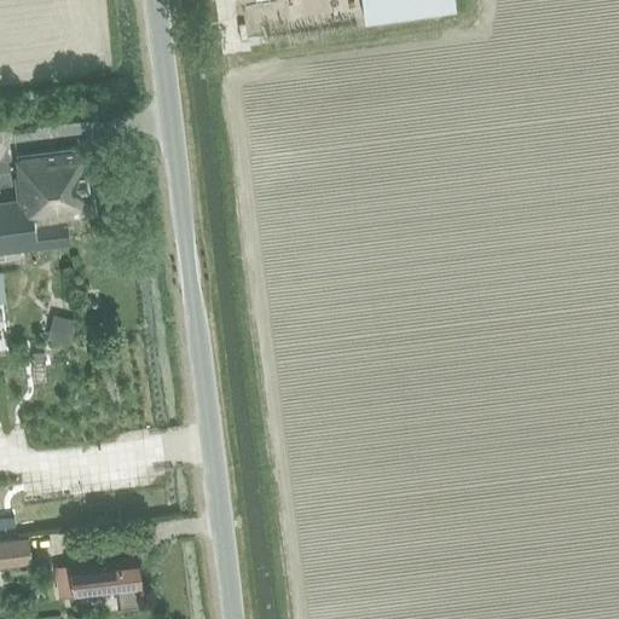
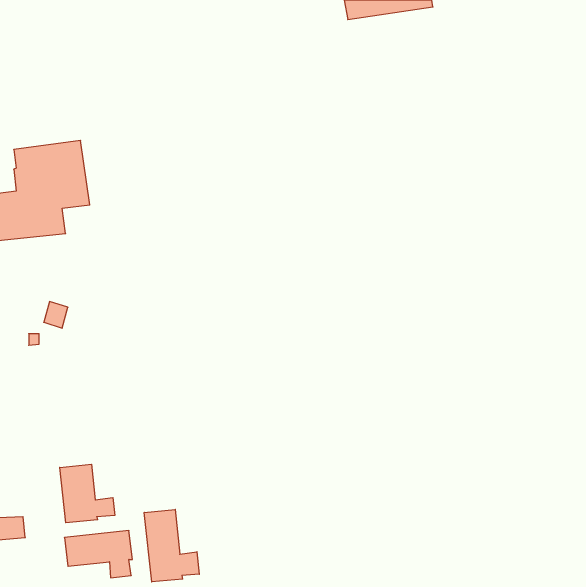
building: none -> [60,464,115,523]
building: none -> [144,509,199,582]

